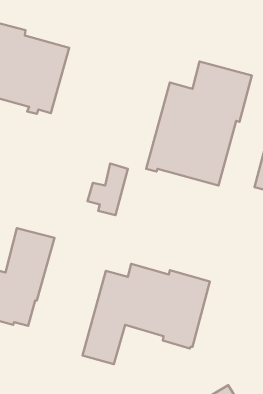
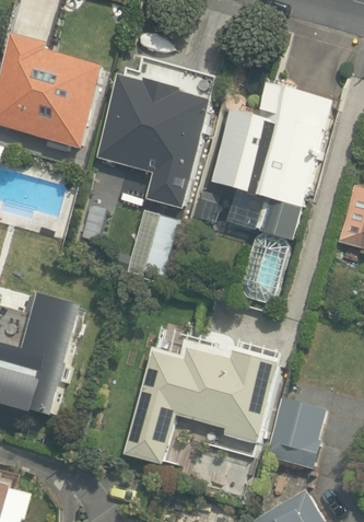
building: none -> [97,57,216,200]
building: none -> [239,234,287,301]
building: none -> [261,396,324,469]

